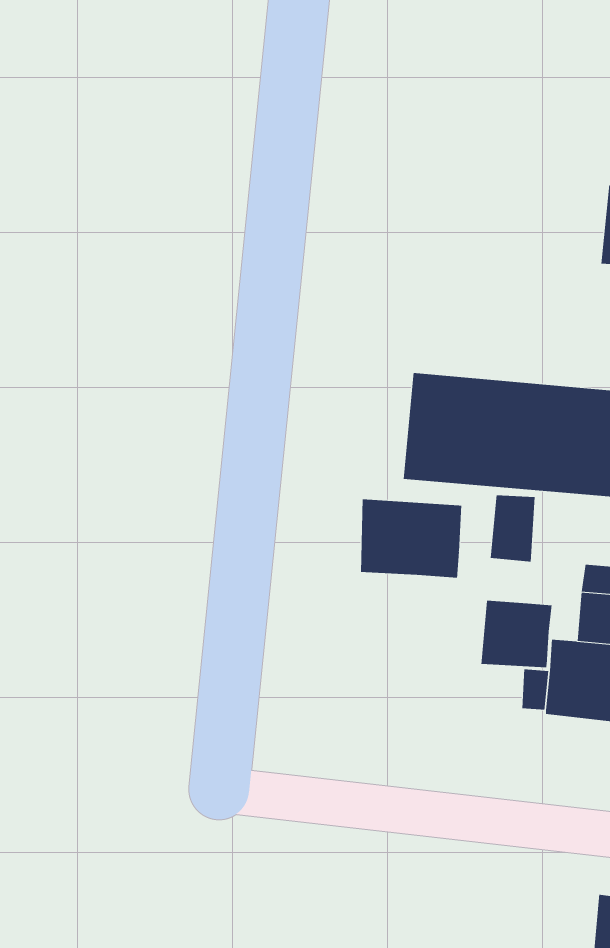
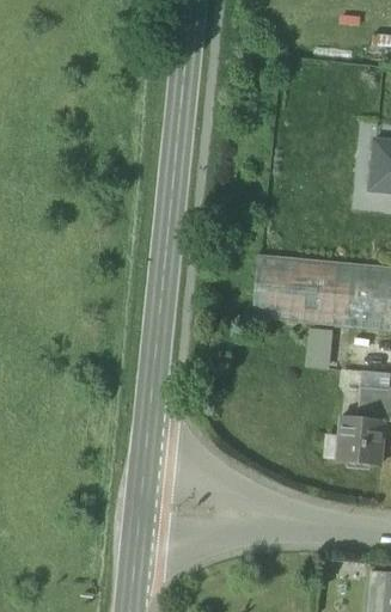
building: [361,499,462,579] -> none
building: [481,600,552,668] -> none

